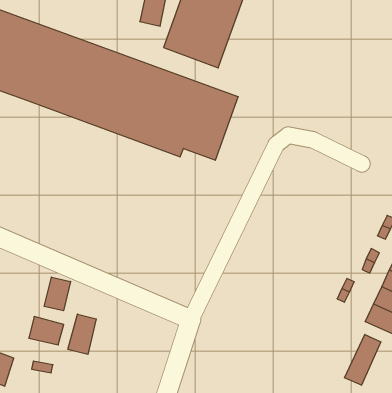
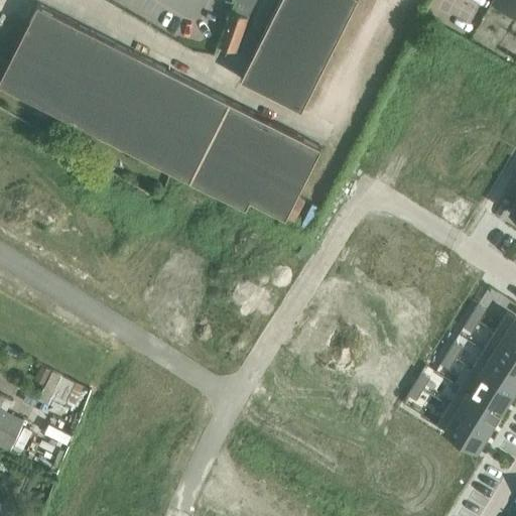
building: [44,277,71,311] -> none
building: [68,314,96,354] -> none
building: [345,334,381,385] -> none

